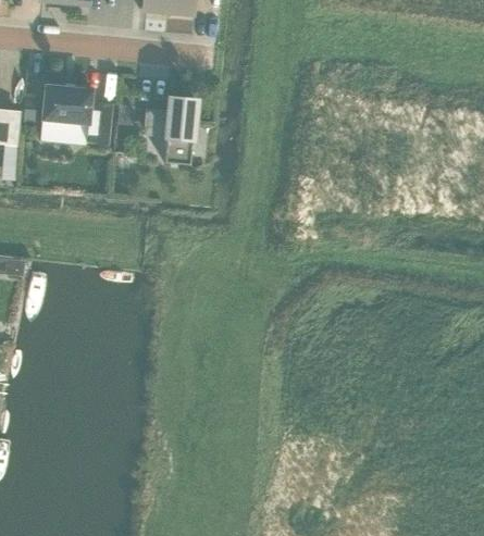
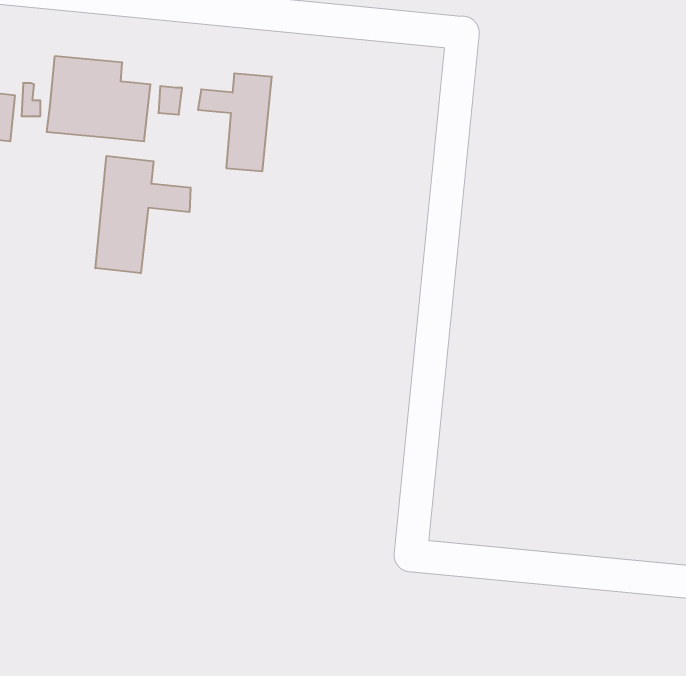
building: none -> [95,156,190,273]

